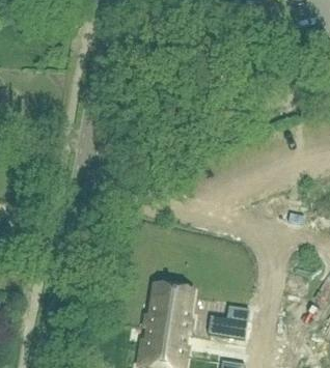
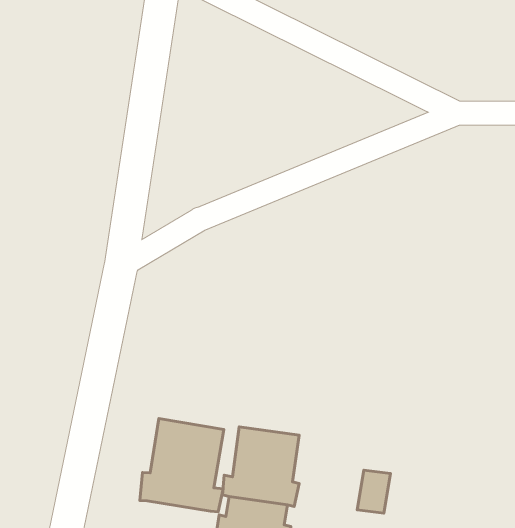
building: none -> [140,418,224,512]

